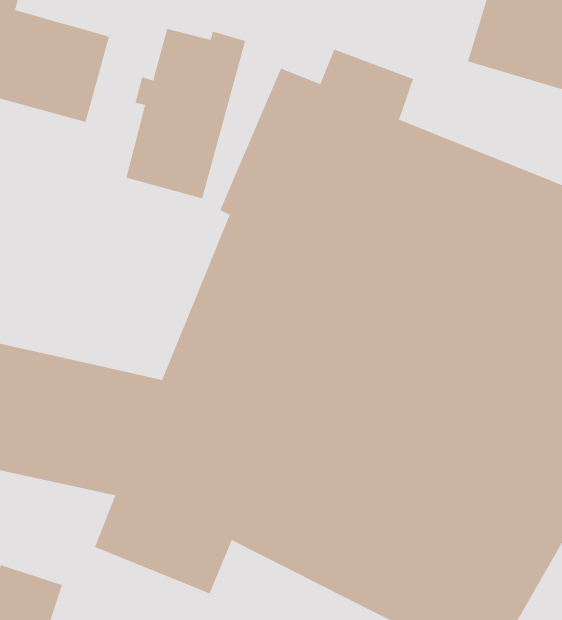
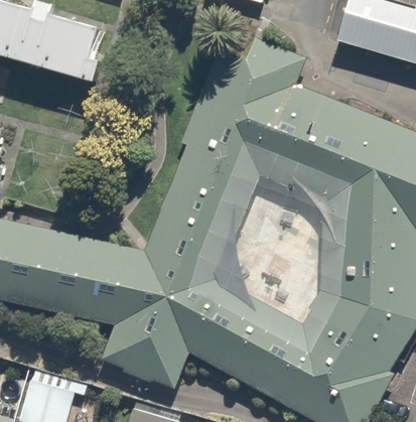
building: [126,28,246,199] -> none

